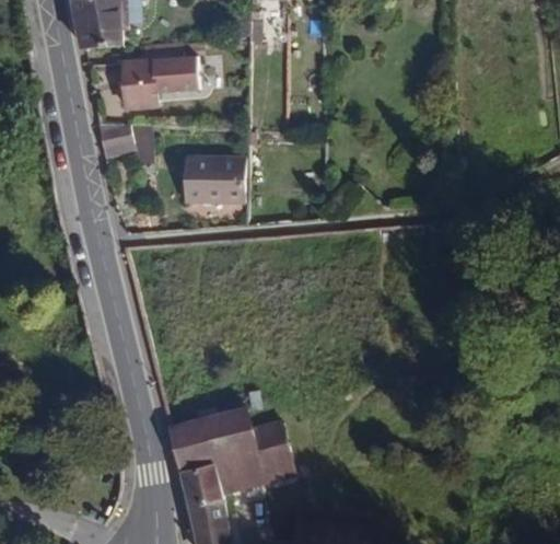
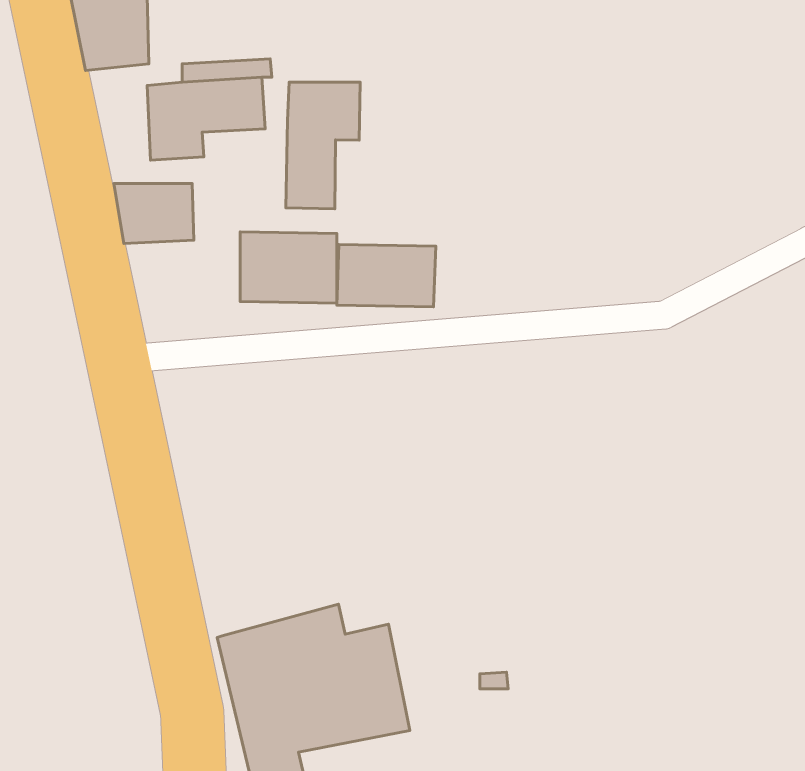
building: none -> [286,82,360,209]
building: none -> [337,245,436,307]

